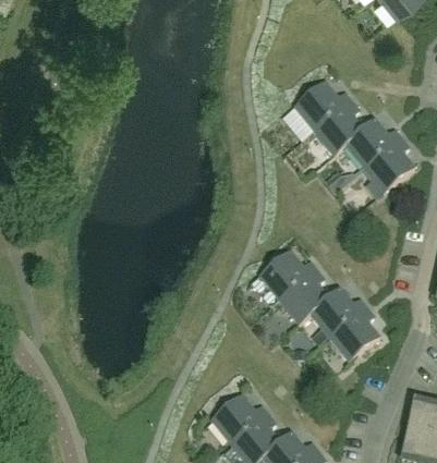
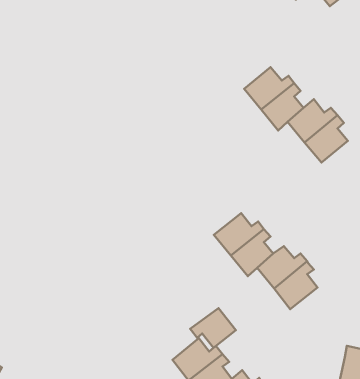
building: none -> [190,308,236,348]

